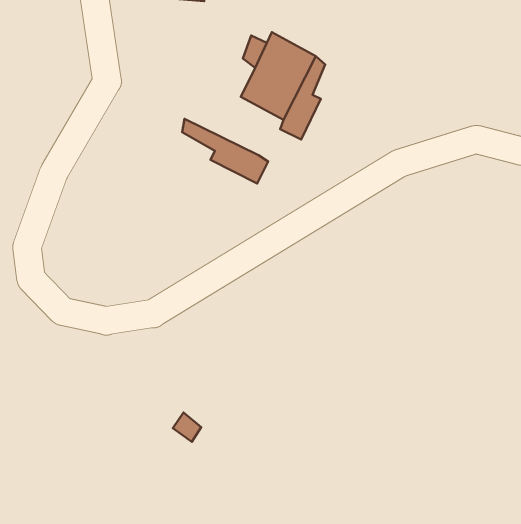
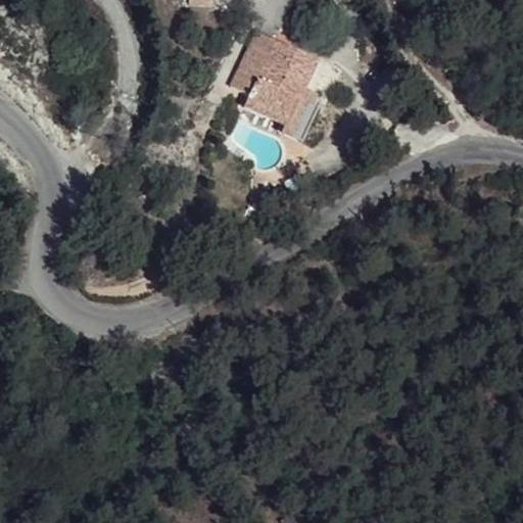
building: [182,119,268,184] -> none

